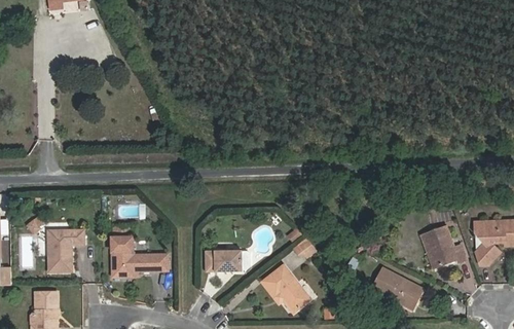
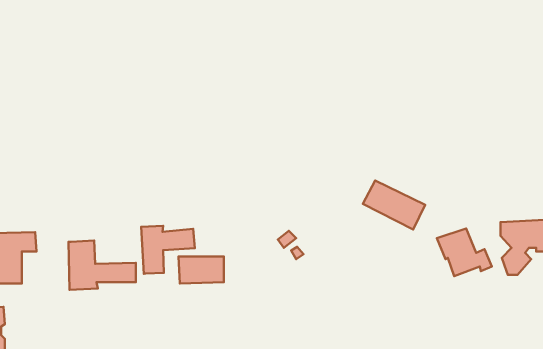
building: none -> [141,226,195,274]
building: [262,264,310,312] -> none
building: [371,268,424,309] -> [363,180,425,230]

